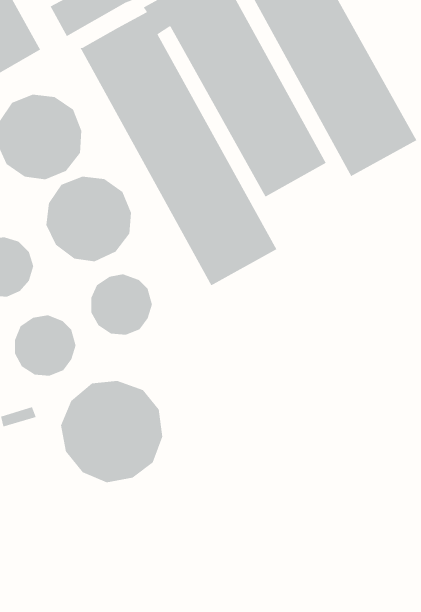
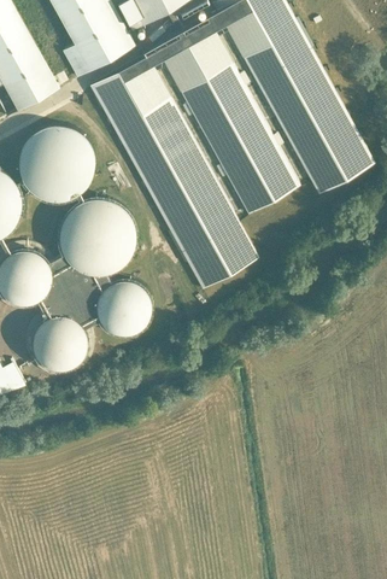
building: none -> [41,255,112,326]
building: [60,380,163,483] -> none

